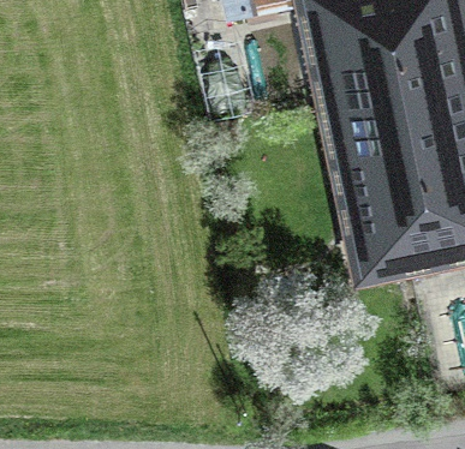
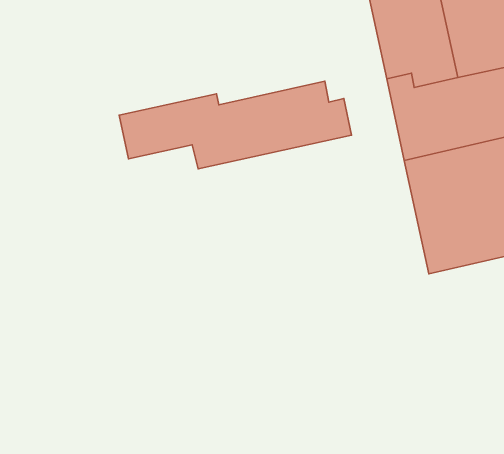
building: none -> [119,81,351,169]

